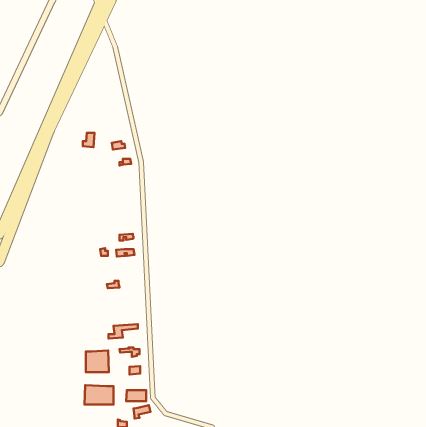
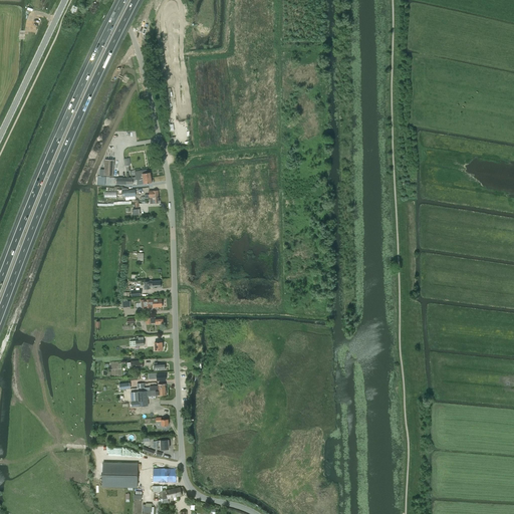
building: [86,351,109,372] -> none

